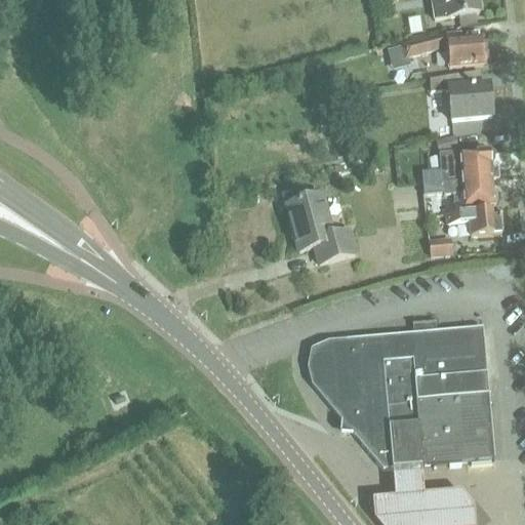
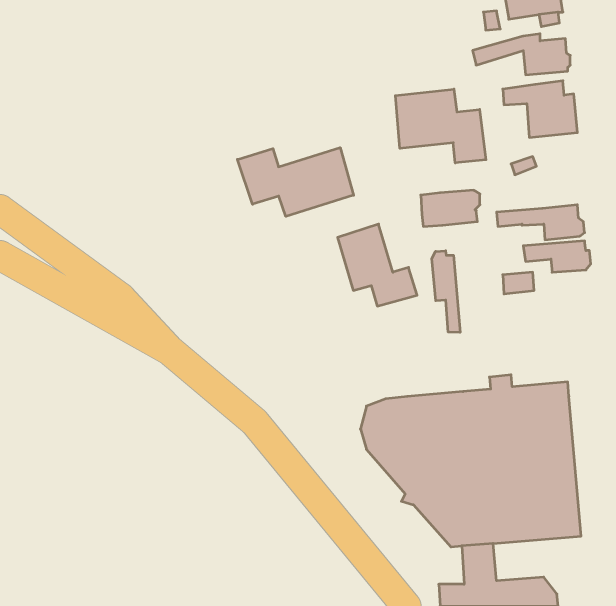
building: none -> [395,89,486,163]
building: none -> [237,148,354,216]
building: [443,148,493,178] -> [421,190,480,226]
building: none -> [432,251,460,332]

